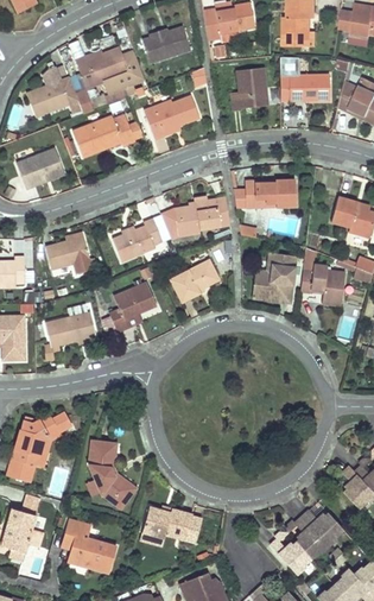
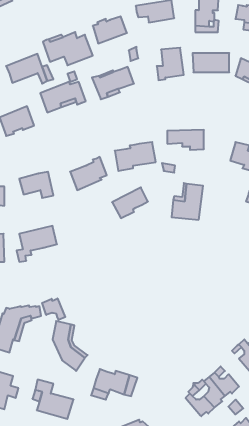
building: [300,268,344,305] -> none
building: [109,281,156,330] -> none
building: none -> [42,298,65,320]

